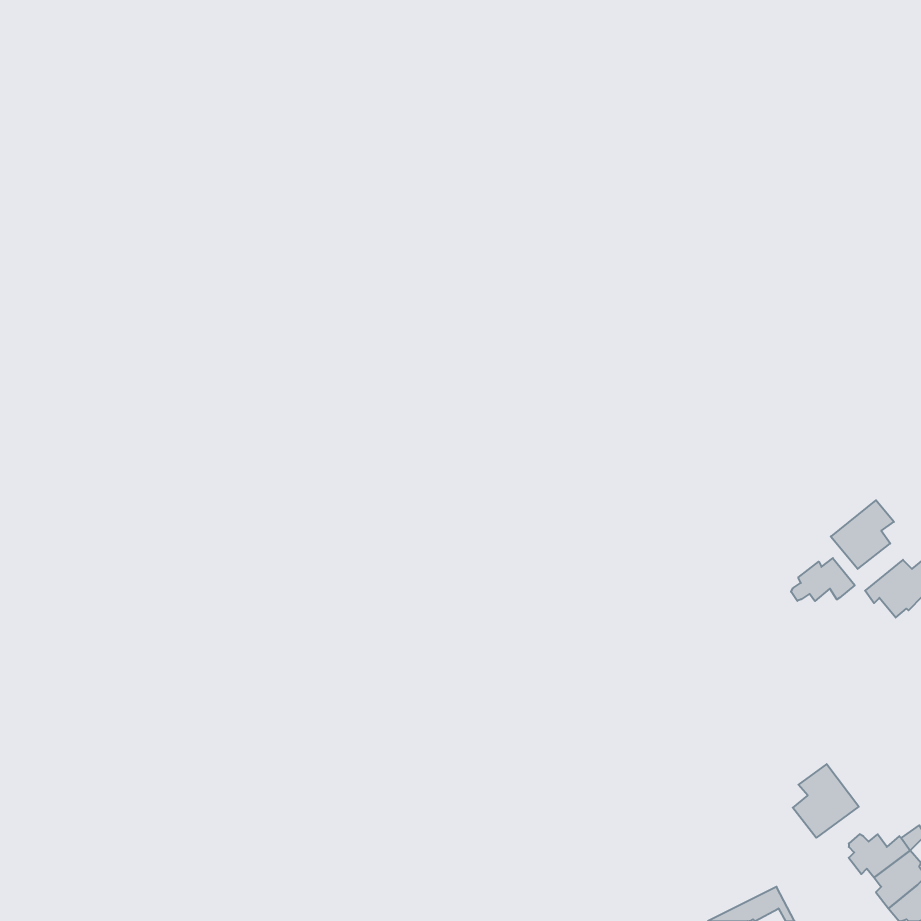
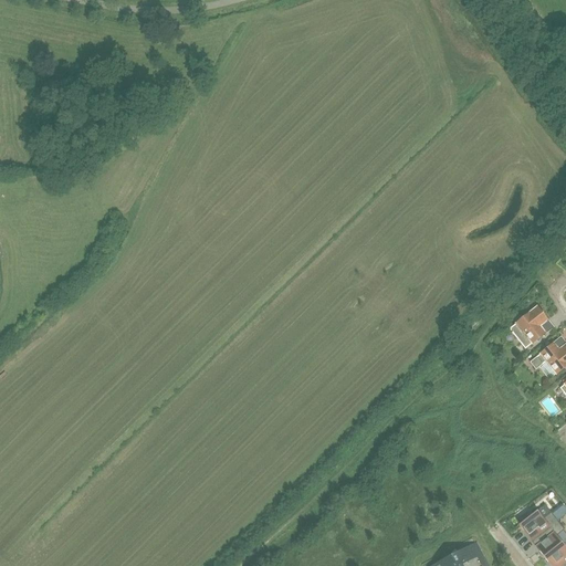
building: [791,558,855,601] -> none
building: [793,764,859,838] -> none

